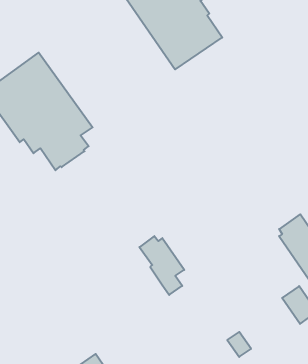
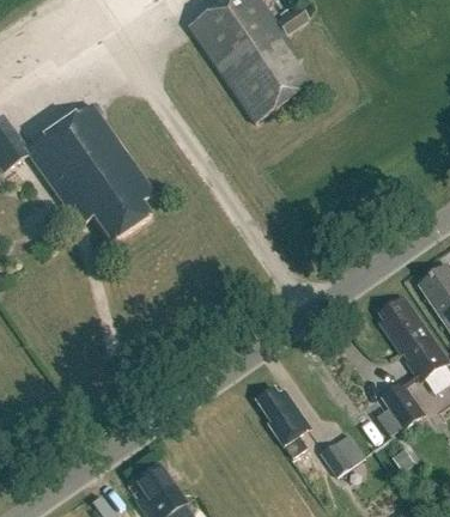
building: [139,236,184,295] -> [256,385,310,456]

